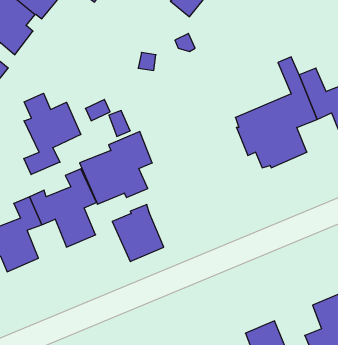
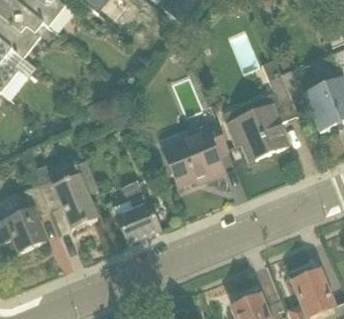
building: [24,93,81,175] -> none
building: [80,132,152,204] -> [161,120,227,185]

